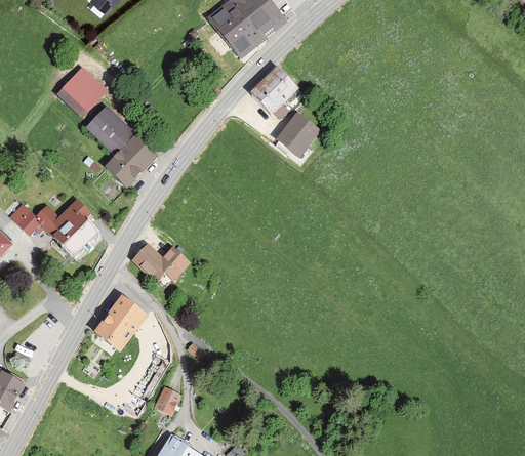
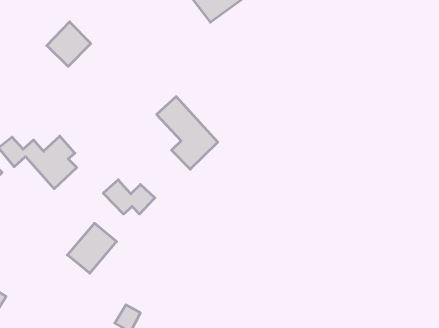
building: [251,65,300,115] -> none
building: [85,106,157,188] -> [157,97,218,169]
building: [276,111,322,157] -> none

